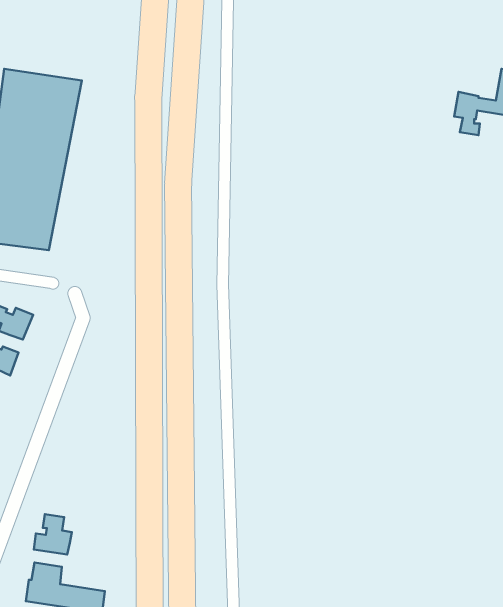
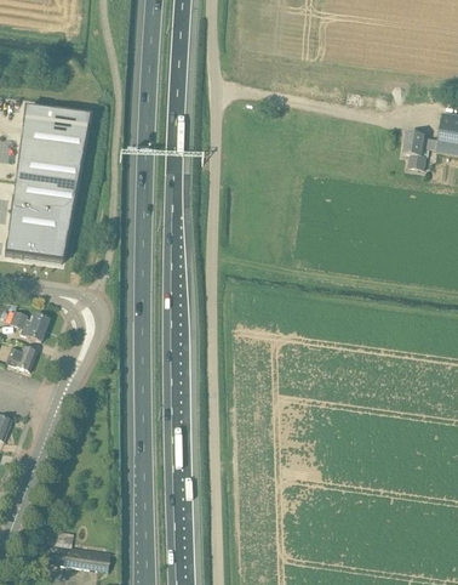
building: [34,514,72,554] -> none

